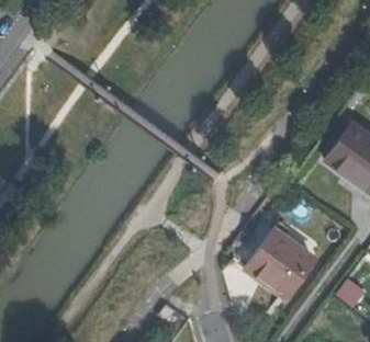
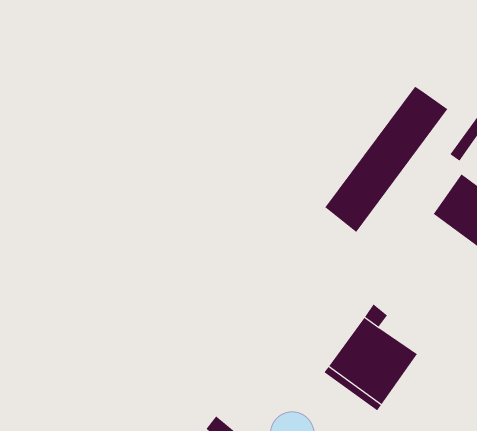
building: none -> [324,86,448,233]

